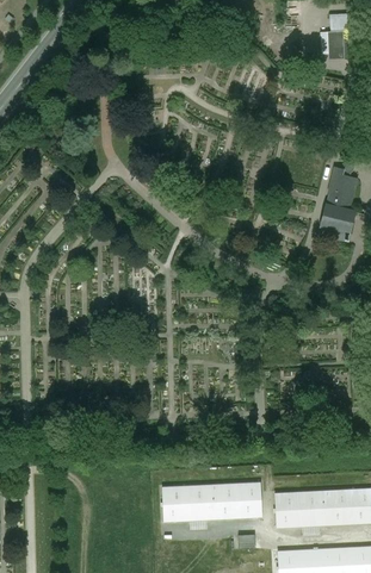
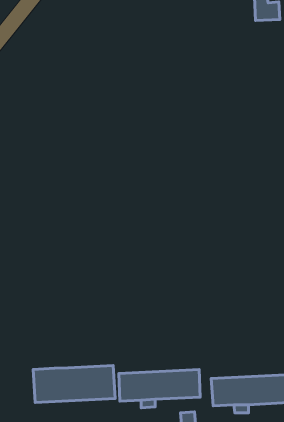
building: [320,167,357,239] -> none
building: none -> [33,366,115,402]

